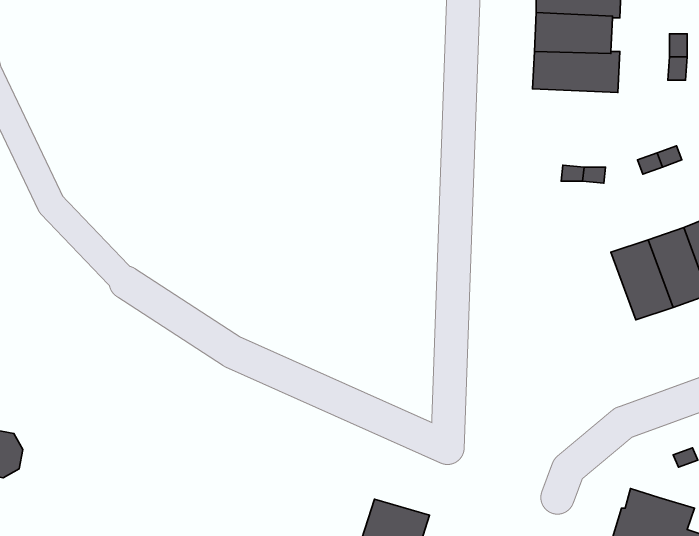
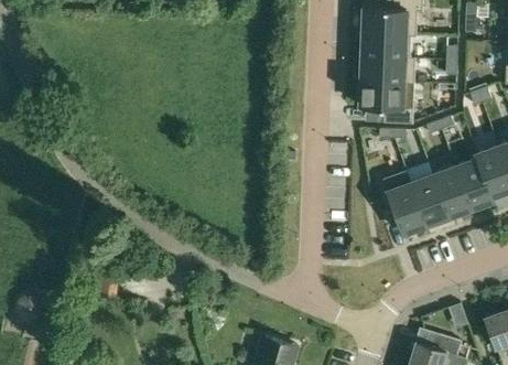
building: none -> [360,80,414,124]
building: none -> [388,182,425,233]

